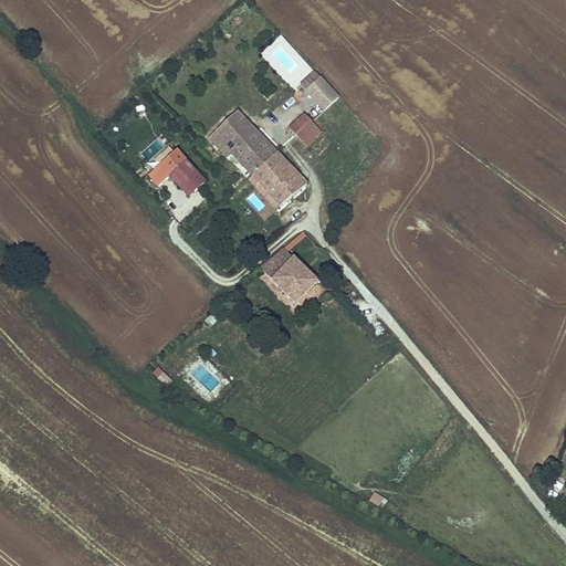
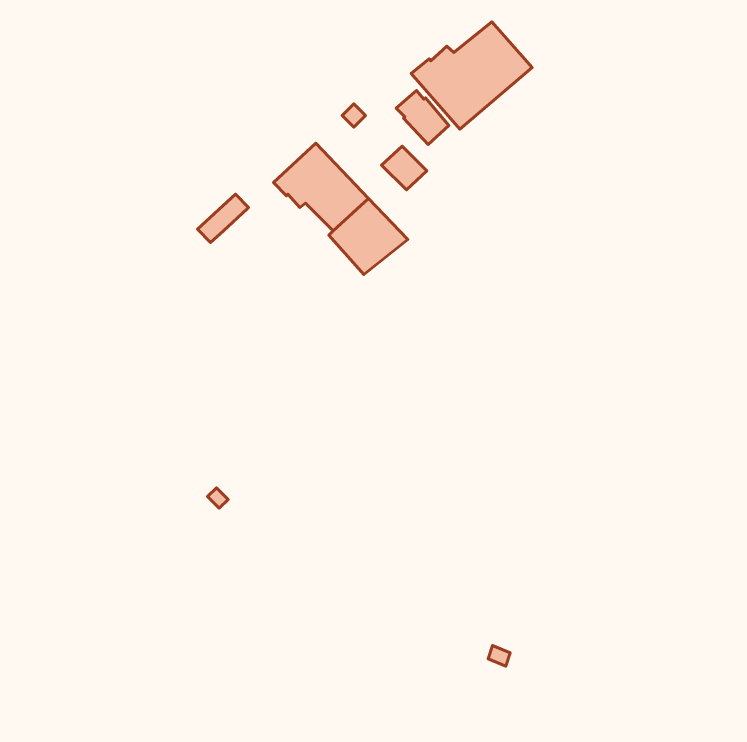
building: none -> [411,22,532,129]
building: [169,158,207,197] -> none
building: [260,247,319,304] -> none

